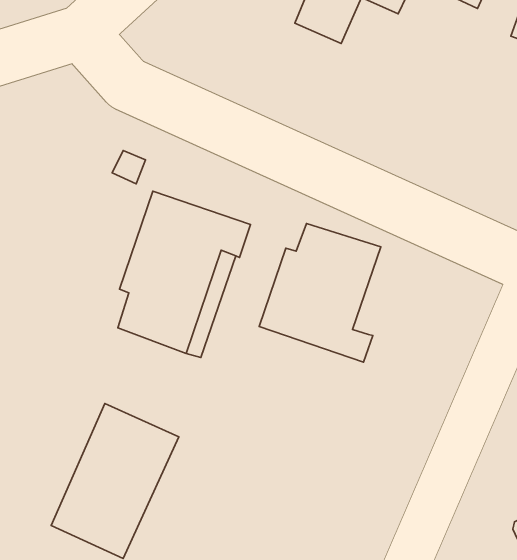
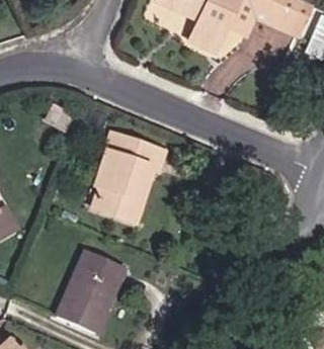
building: [259,224,381,362] -> none

